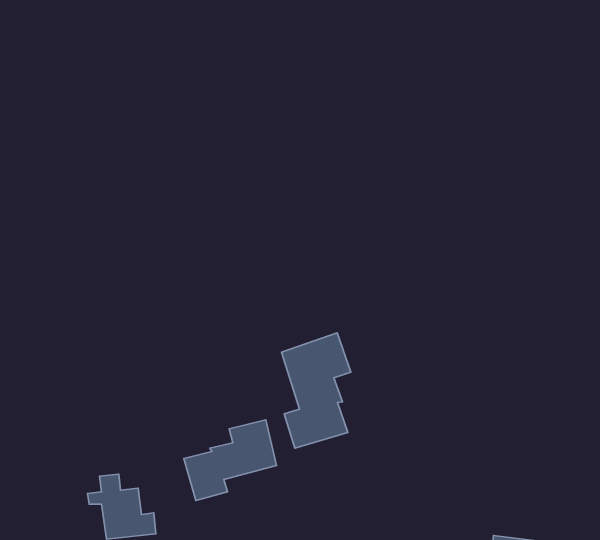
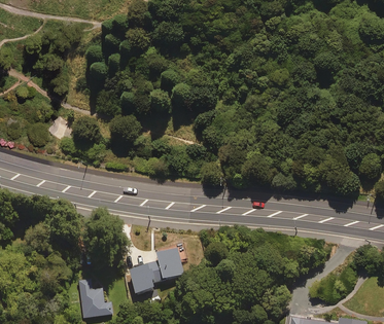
building: [281,333,351,448] -> none

